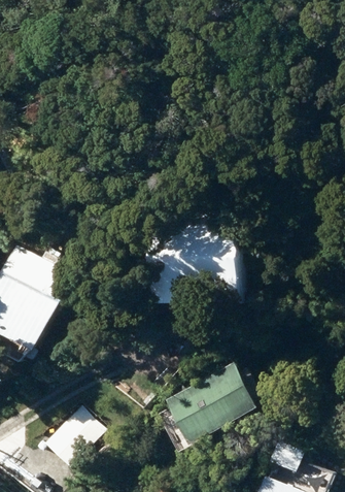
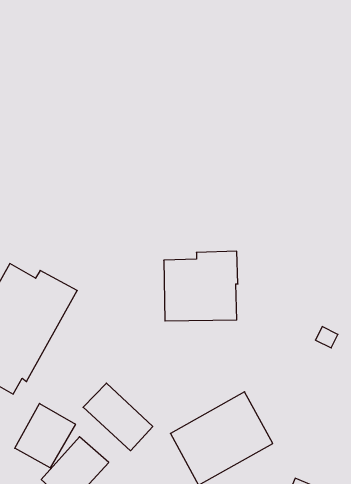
building: none -> [83,383,153,451]
building: none -> [15,403,75,468]

